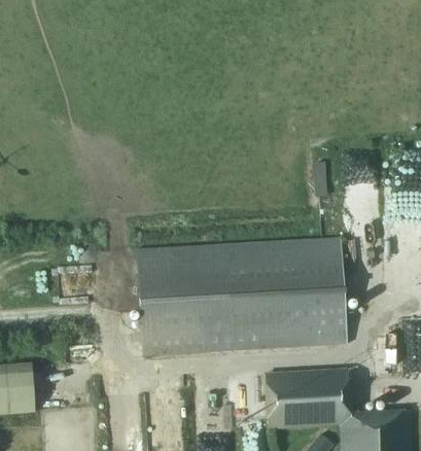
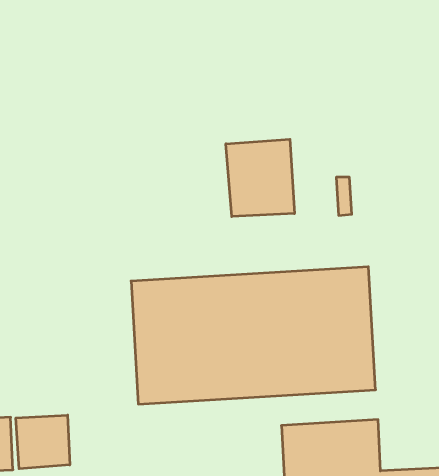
building: none -> [226,139,294,217]
building: none -> [16,415,70,469]

